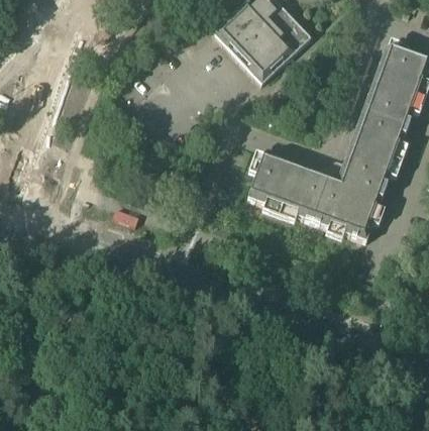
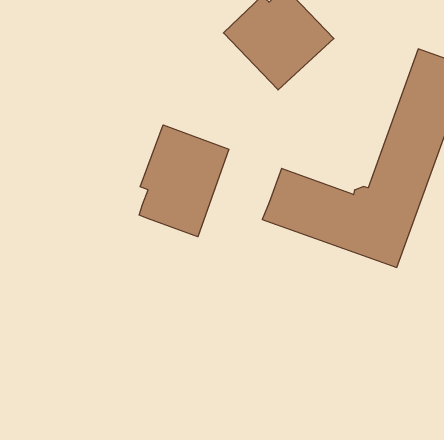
building: none -> [139,125,229,237]

